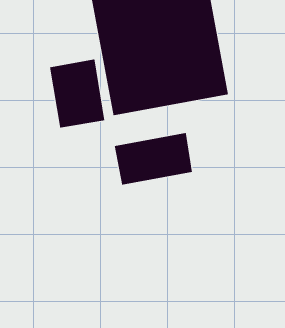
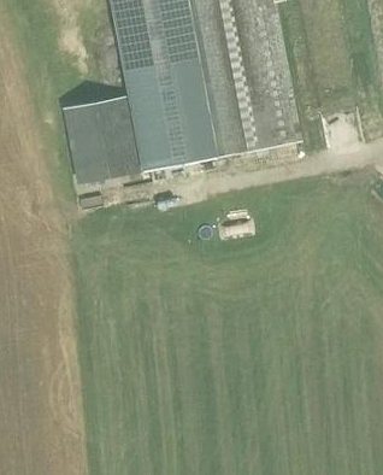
building: [114,132,193,185] -> none

